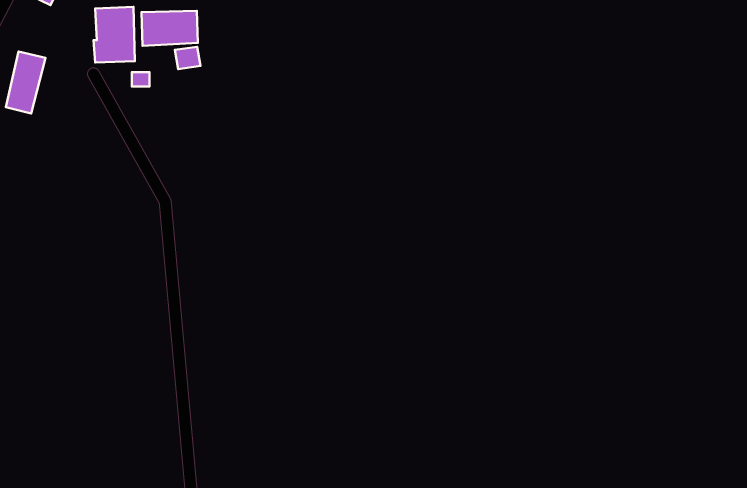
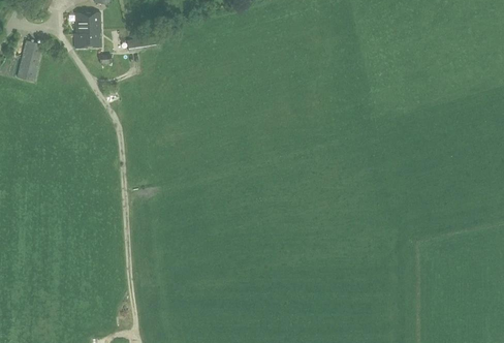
building: [142,11,198,46] -> none

